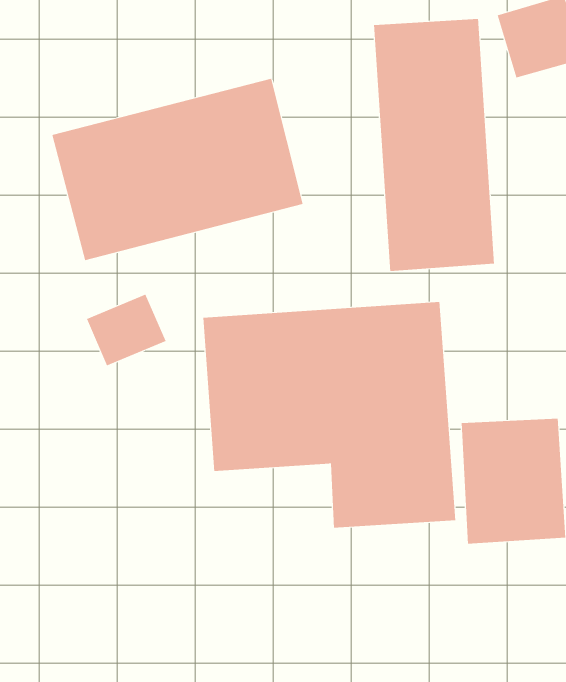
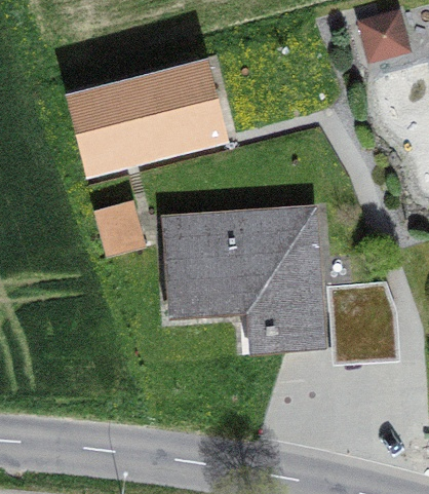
building: [373,18,494,272] -> none

